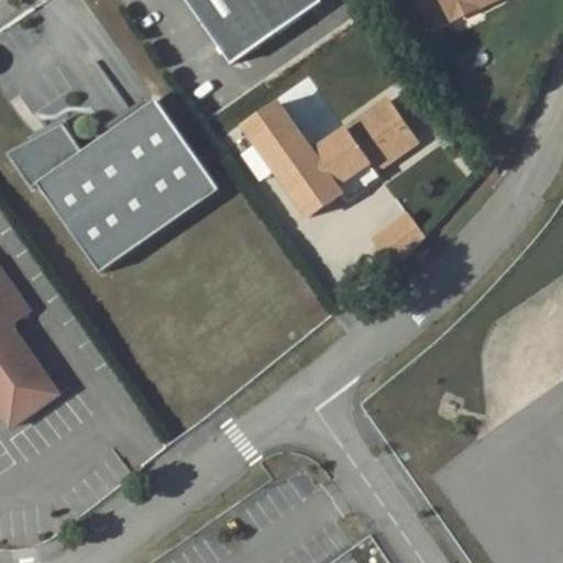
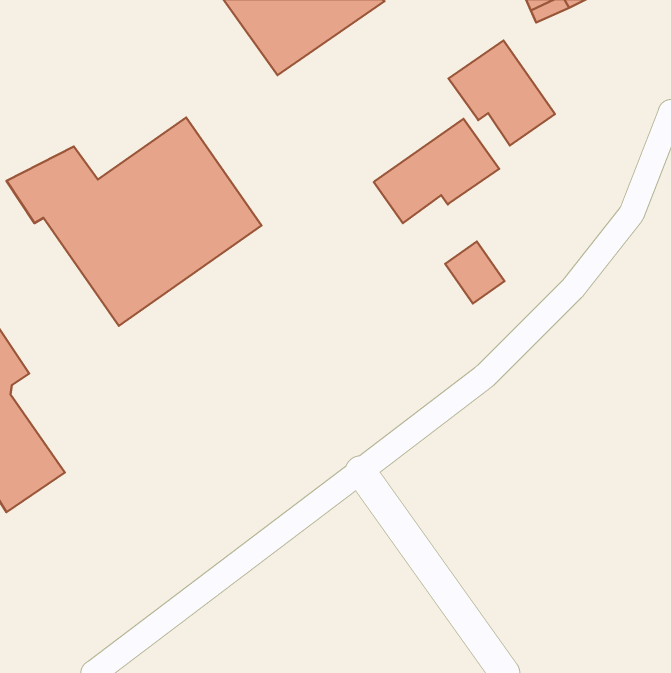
building: none -> [448,40,555,145]
building: [244,103,378,217] -> none

